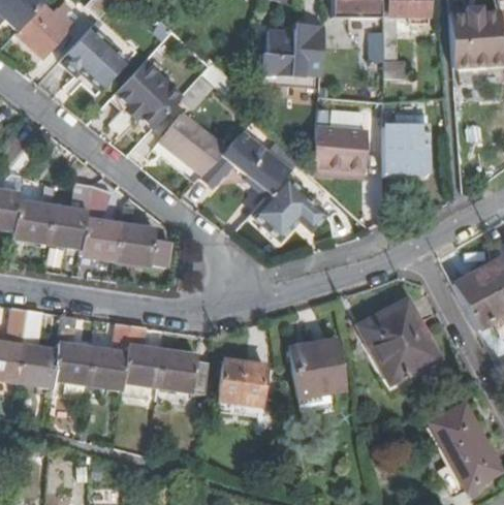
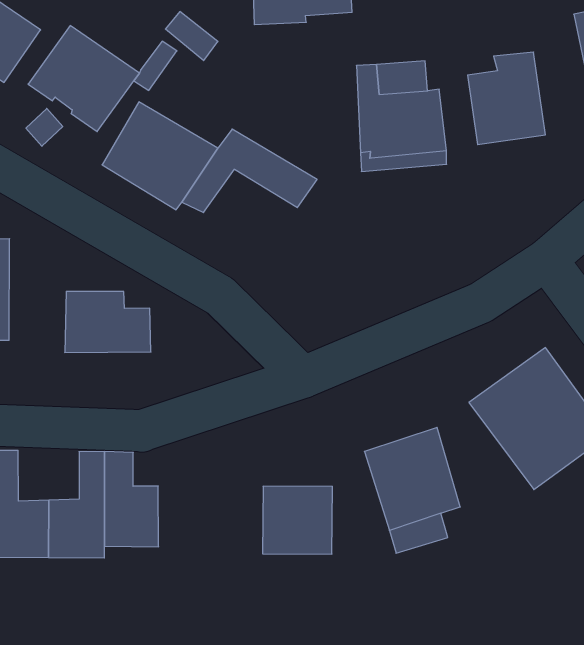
building: [251,175,326,238] -> none
building: [81,185,121,259] -> none
building: [155,349,210,391] -> none

